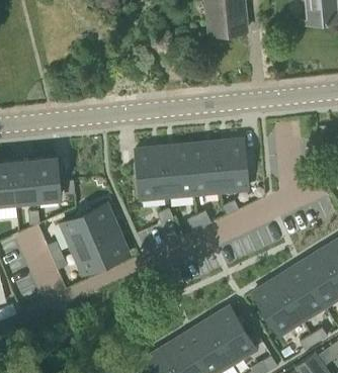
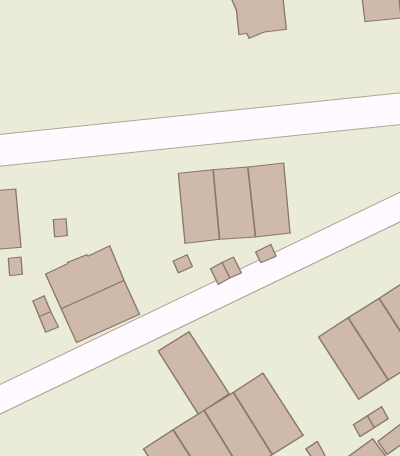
building: [134,146,167,202] -> none
building: [34,156,62,203] -> none
building: [248,274,304,339] -> [158,332,229,414]

